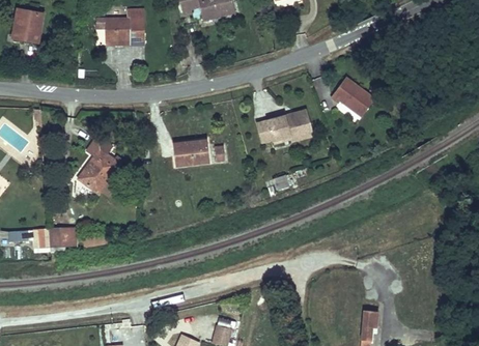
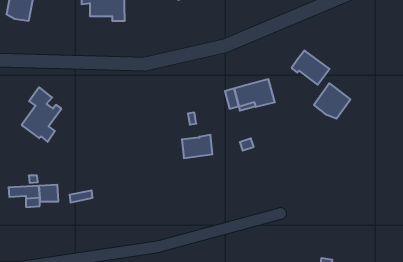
building: none -> [314,83,350,119]
building: [79,135,123,196] -> [22,87,61,142]
building: [174,139,208,165] -> [182,135,212,158]

